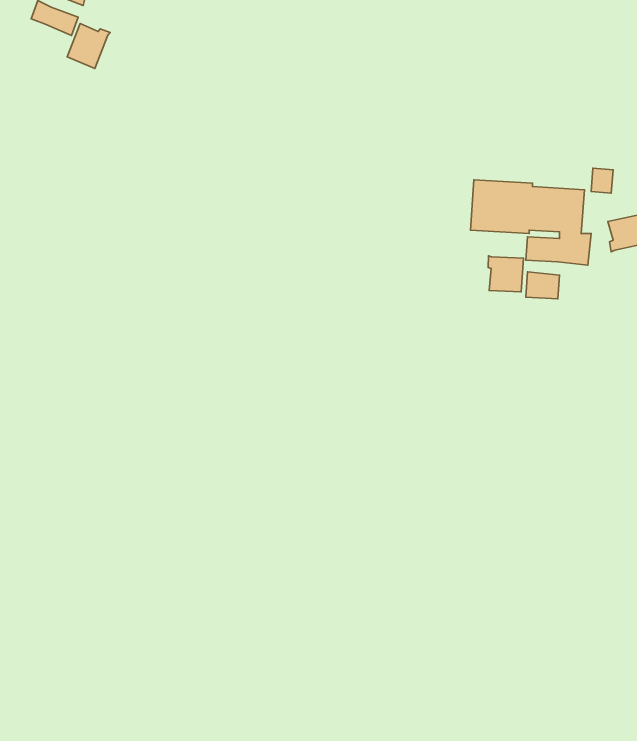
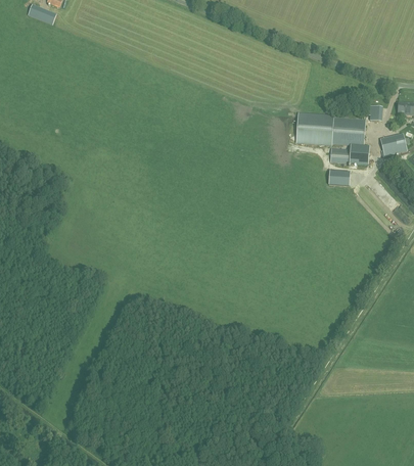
building: [67,24,110,68] -> none
building: [488,256,524,292] -> none

